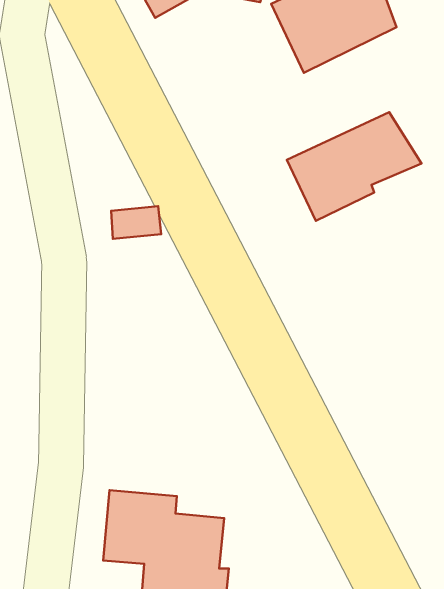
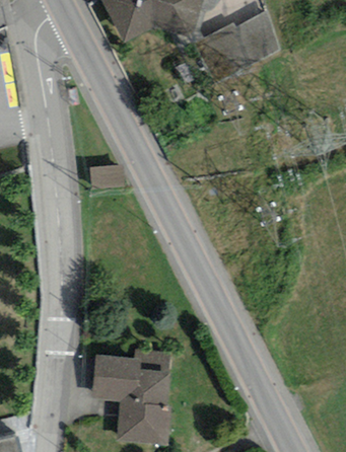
building: [287,112,421,221] -> none

